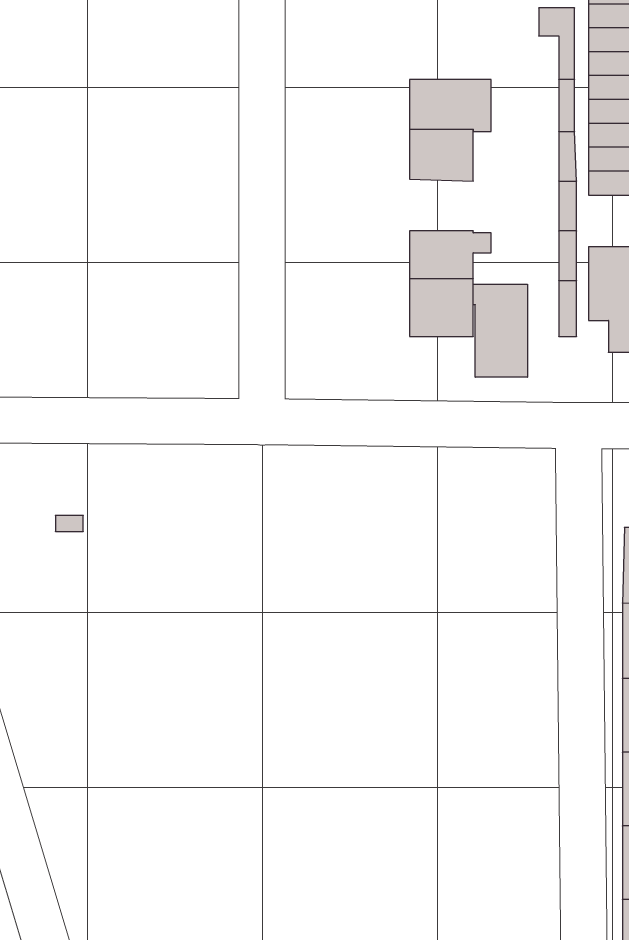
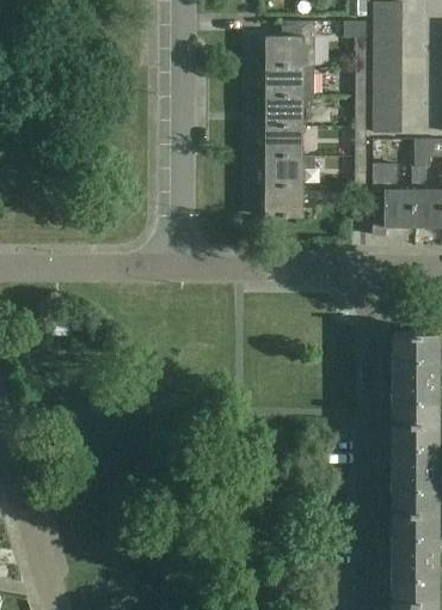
building: none -> [265,23,314,63]
building: none -> [265,123,303,154]
building: [473,284,527,377] -> none

